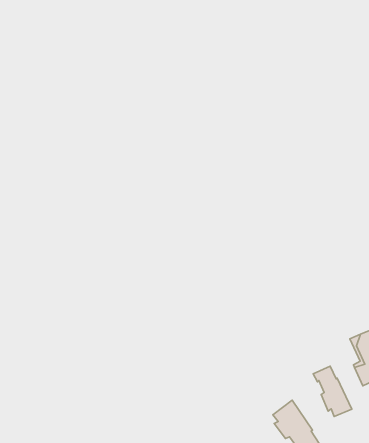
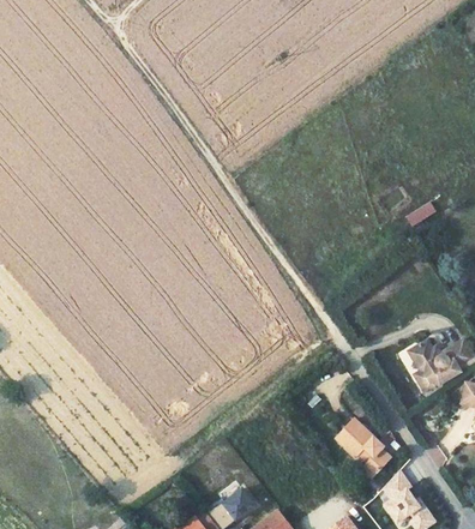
building: [313,366,352,416] -> none

